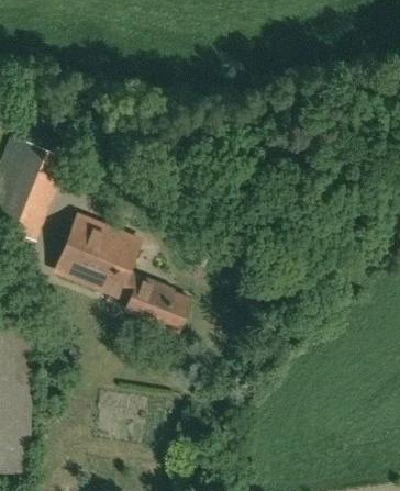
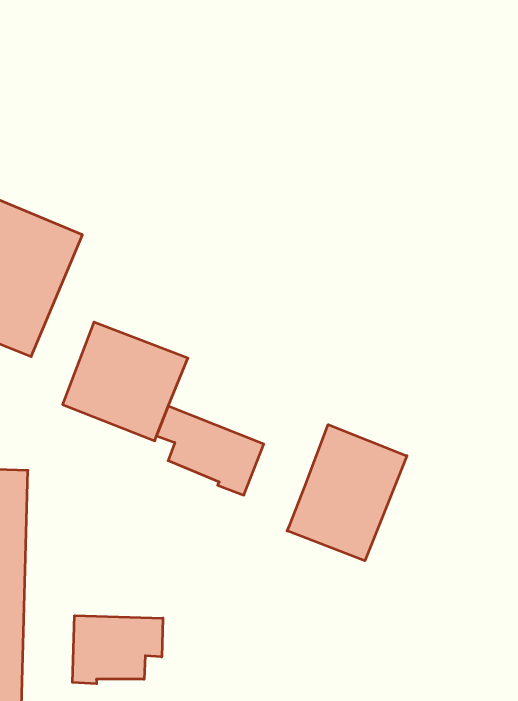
building: none -> [287,425,407,561]
building: none -> [72,616,163,684]

